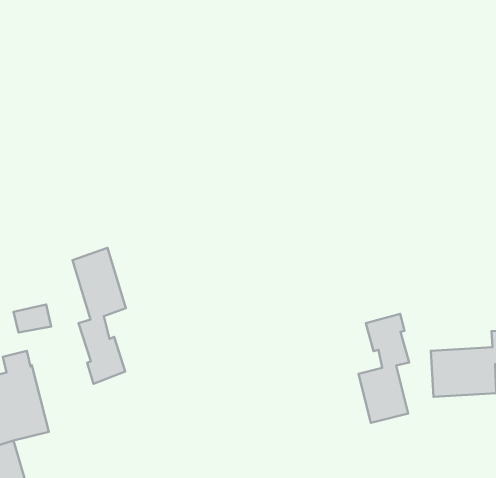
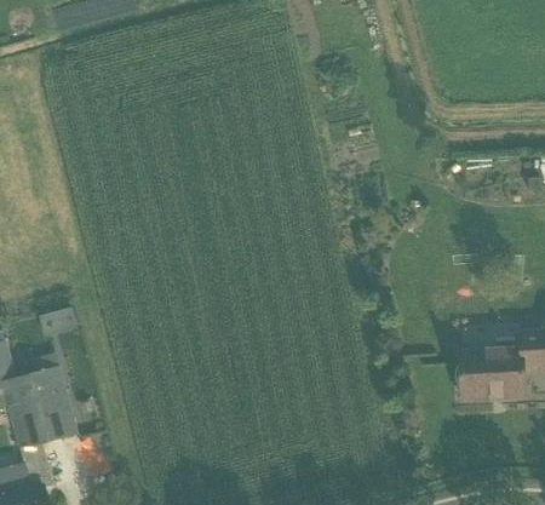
building: [73,248,126,384] -> none
building: [358,314,409,423] -> none

